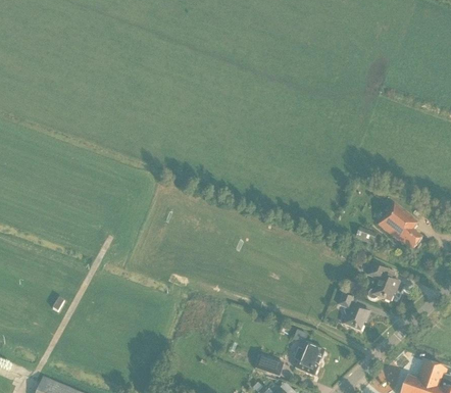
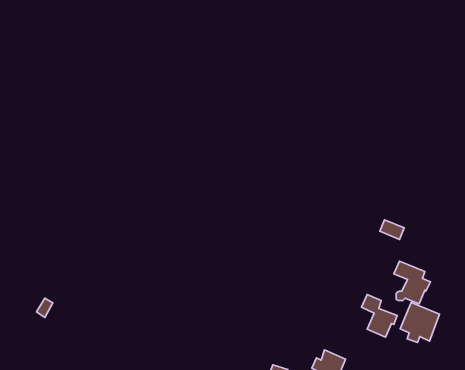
building: [379,202,422,249] -> none
building: none -> [400,303,440,343]

